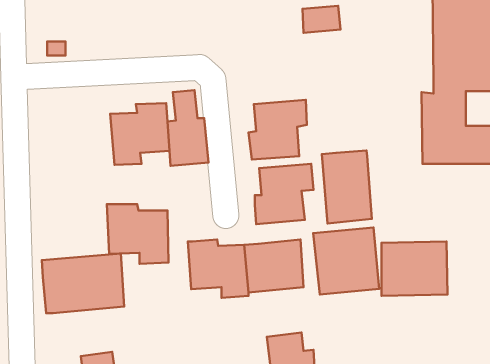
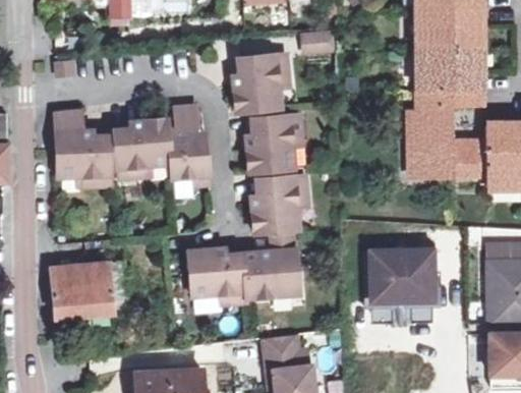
building: none -> [234,55,288,113]
building: [322,150,372,223] -> none
building: [107,204,169,264] -> [54,130,112,186]
building: [313,228,379,294] -> none

